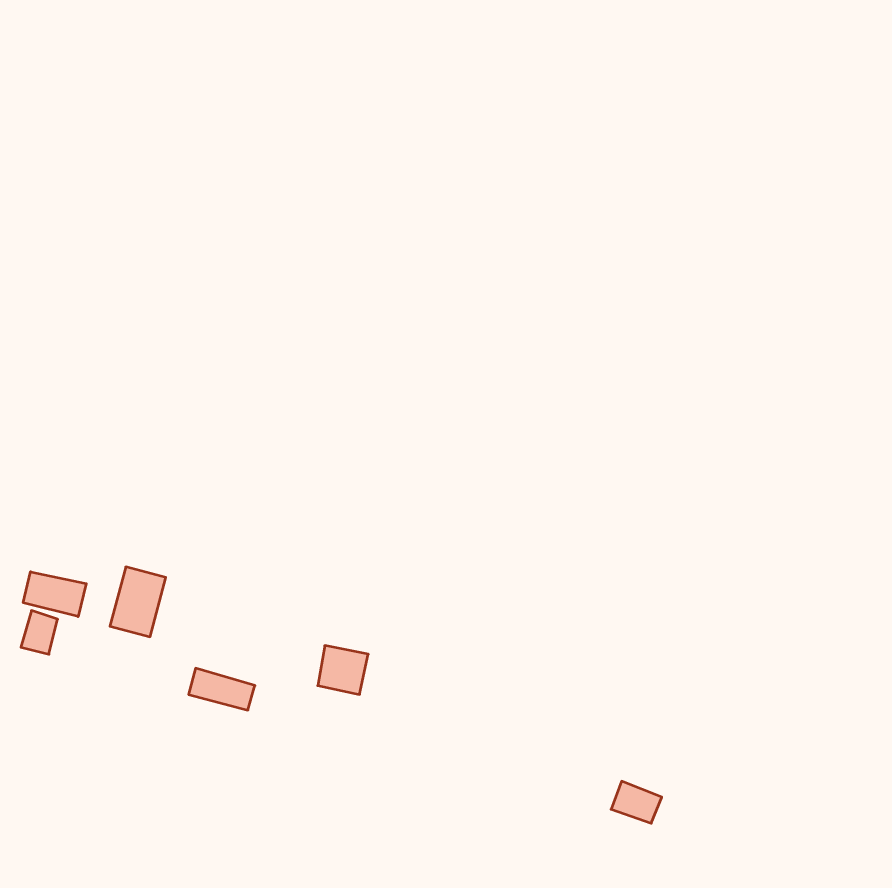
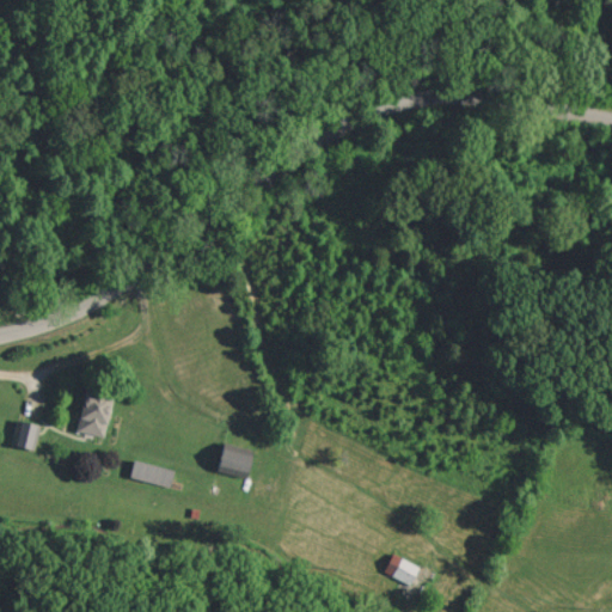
building: [23,572,86,617] -> none
building: [611,781,662,823] -> [384,556,418,585]

